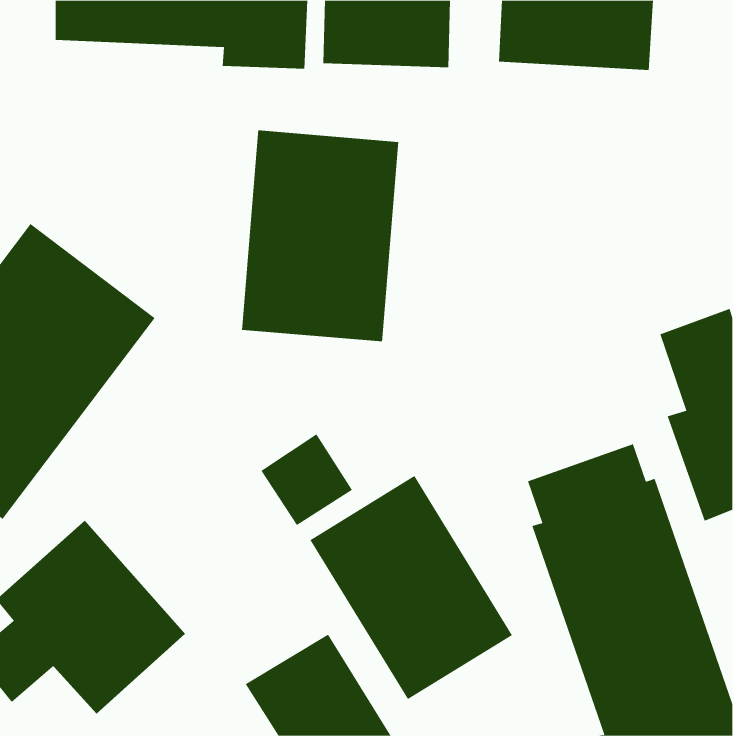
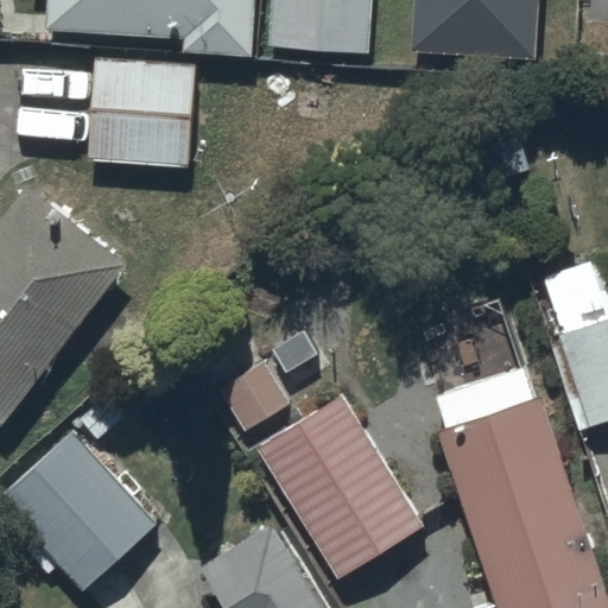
building: none -> [88,57,196,169]
building: [242,130,399,342] -> none

